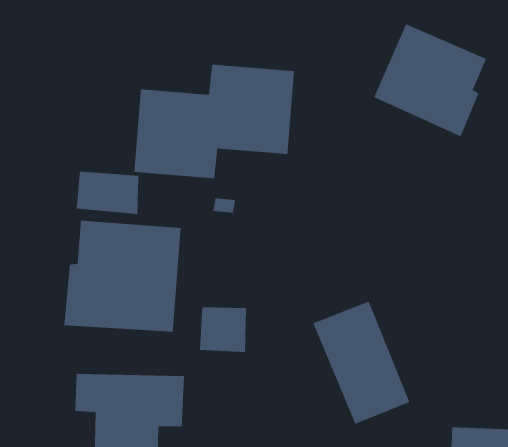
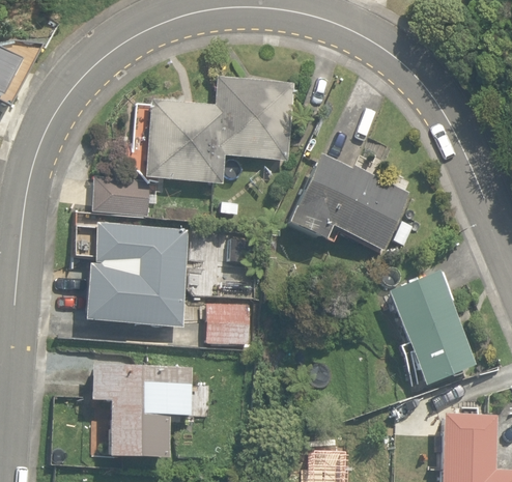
building: [373,23,487,137] -> none
building: none -> [284,155,410,250]
building: [312,301,410,424] -> [387,271,478,386]

